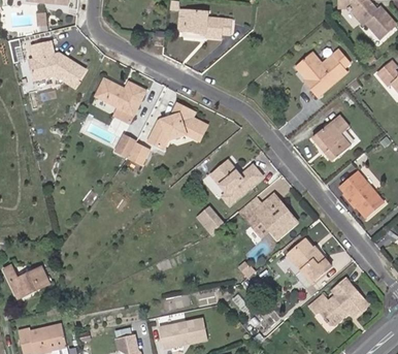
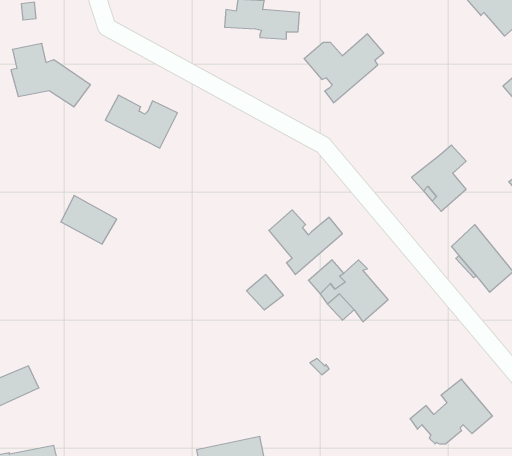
building: [292,46,347,95] -> [304,34,384,103]
building: [147,102,206,148] -> none
building: [111,132,151,166] -> [61,195,117,244]
building: [287,237,331,283] -> none

